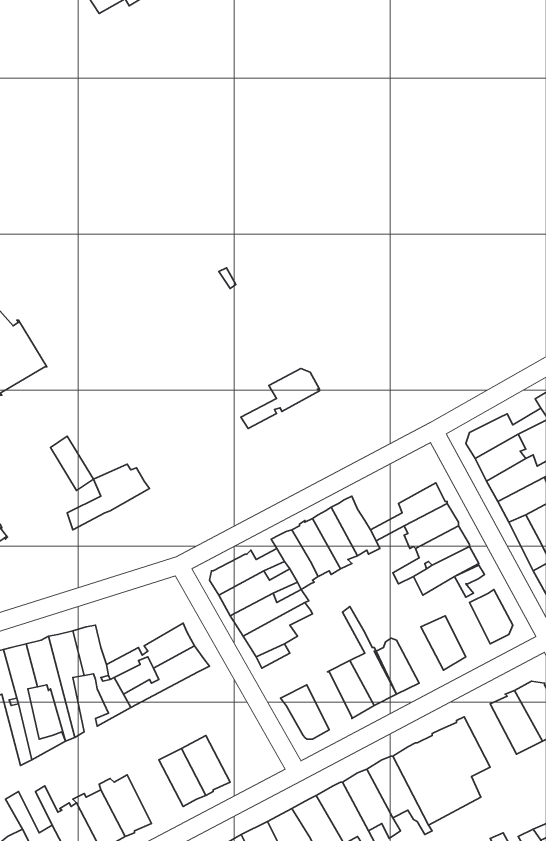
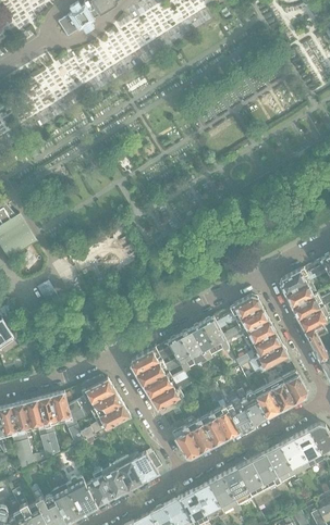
building: [241,368,319,428] -> [216,296,261,330]
building: [67,464,150,530] -> [66,376,114,414]
building: none -> [267,378,293,410]
building: none -> [230,383,266,425]
building: none -> [183,418,212,452]
building: none -> [278,437,308,474]
building: none -> [127,451,160,483]
building: none -> [81,470,114,507]

